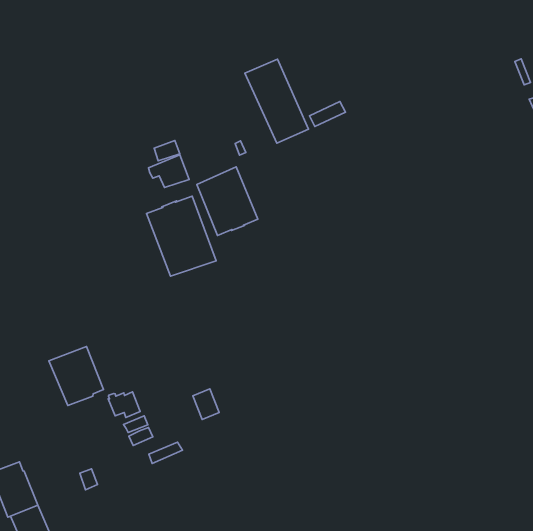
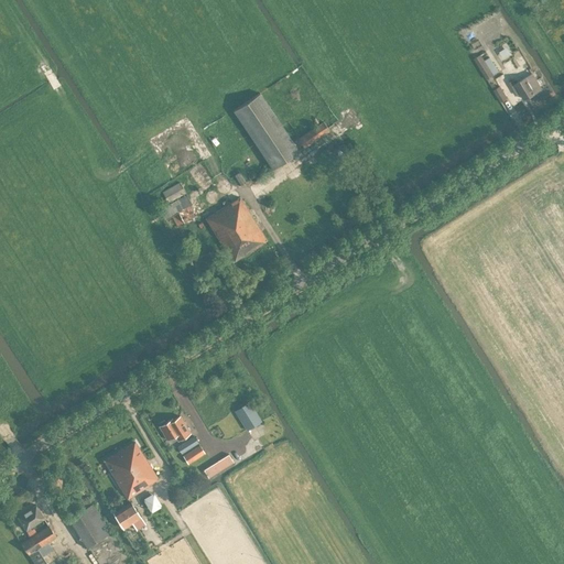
building: [147,196,216,276] -> none
building: [49,346,104,405] -> [104,443,158,499]
building: none -> [112,503,144,531]

